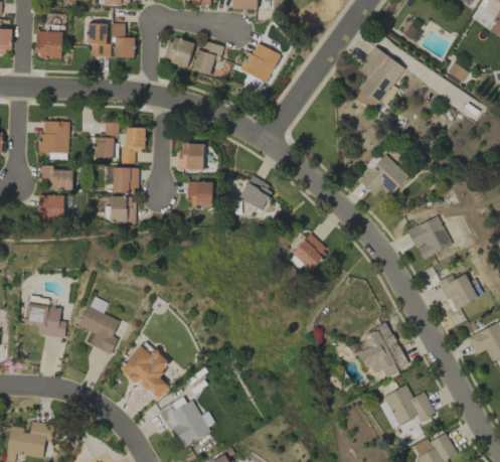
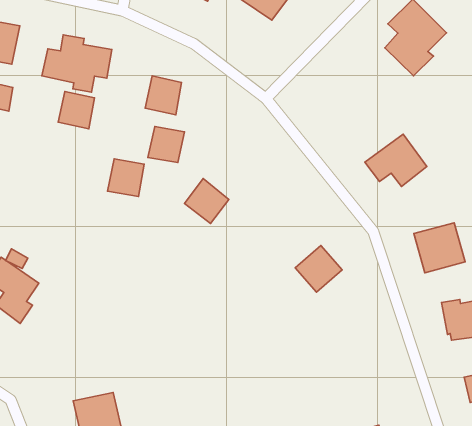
building: [239,175,274,209] -> [185,178,229,223]
building: [110,195,135,221] -> [107,159,144,197]
building: [292,233,329,270] -> [295,245,342,292]
building: [359,326,407,376] -> none
building: [120,344,170,399] -> none

